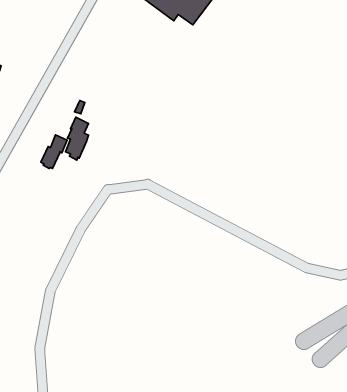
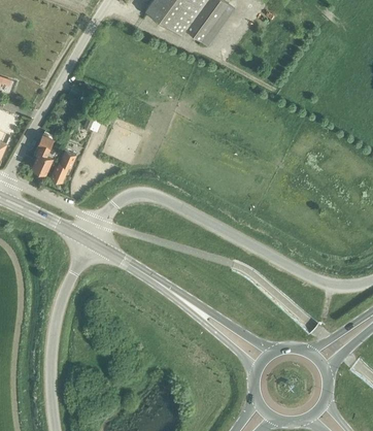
building: [65,117,88,160] -> [32,134,55,176]

